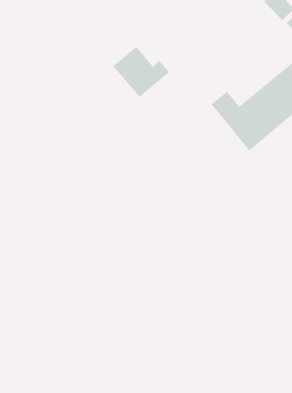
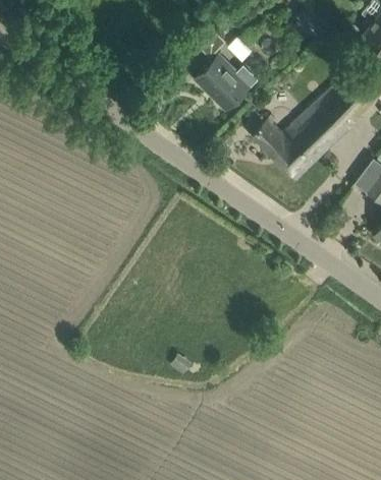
building: [112,46,170,98] -> [195,55,256,109]

